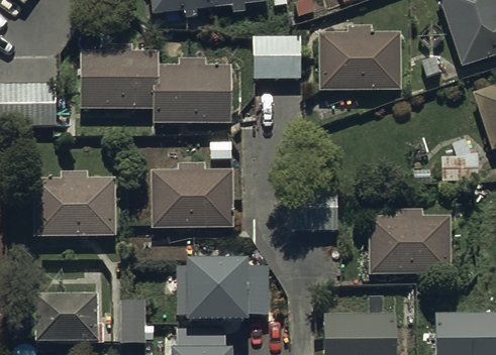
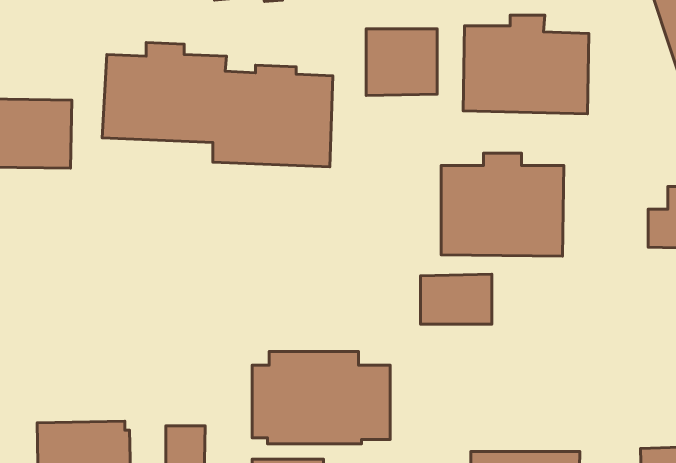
building: [148,161,233,228] -> none
building: [32,170,118,235] -> none
building: [369,207,451,275] -> [441,153,564,256]

